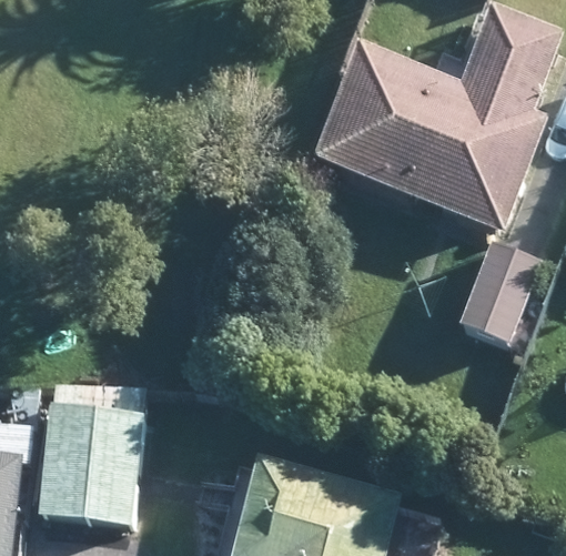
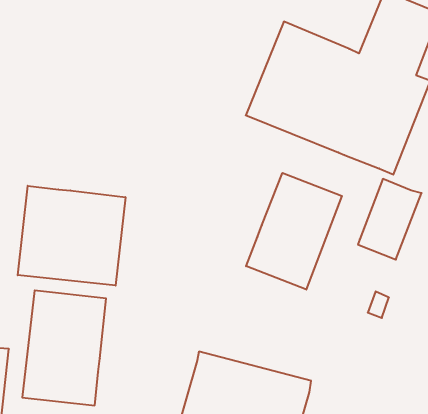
building: none -> [246,173,342,290]
building: none -> [18,186,125,286]

